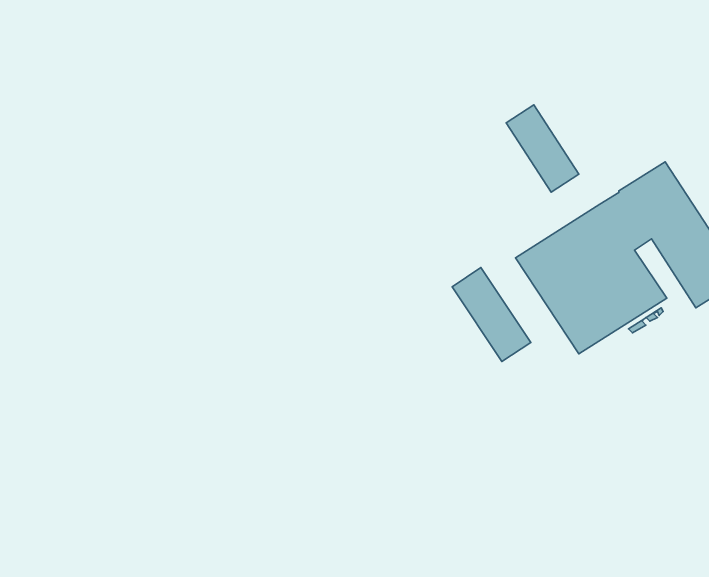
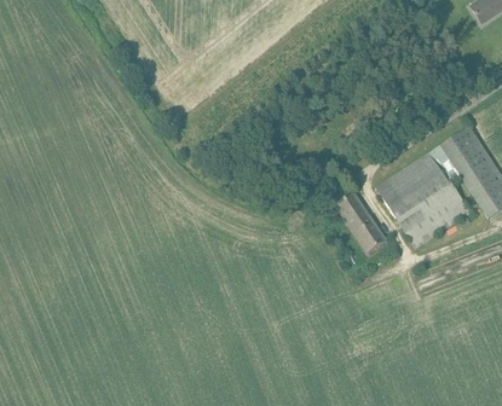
building: [506,105,579,192] -> none

